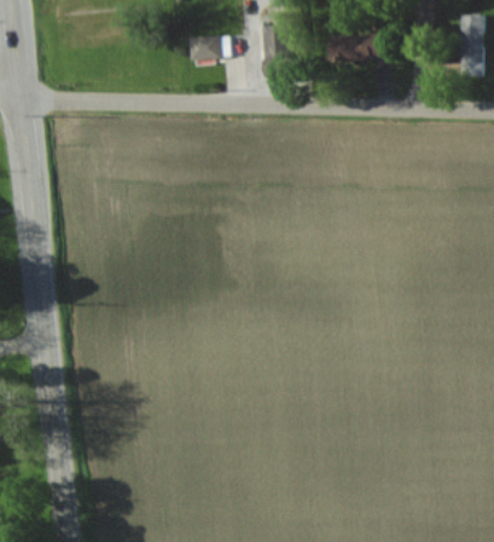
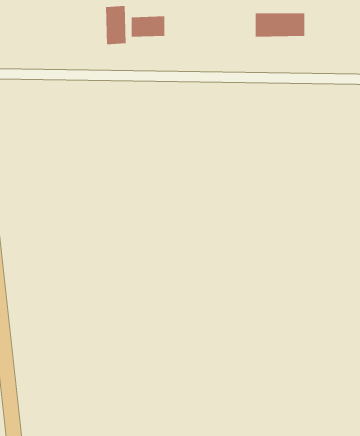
building: none -> [105,5,126,45]

